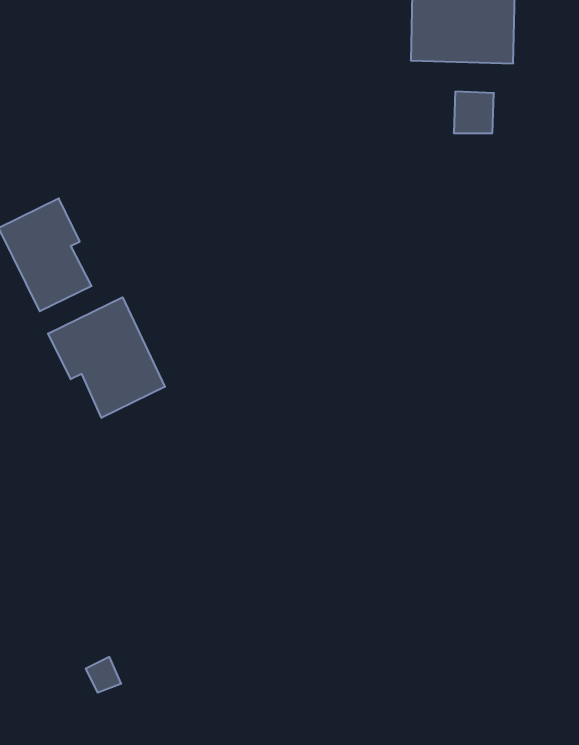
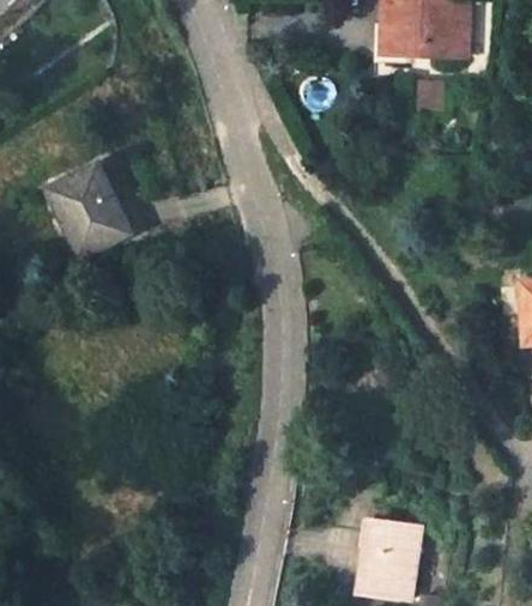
building: [48,297,165,418] -> none
building: none -> [361,525,417,600]

